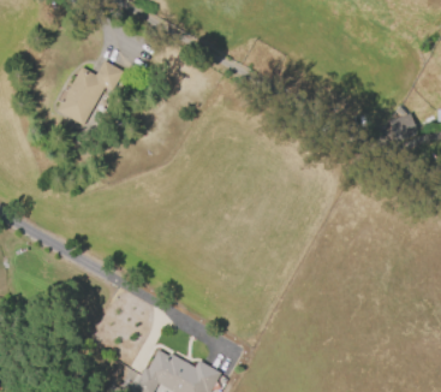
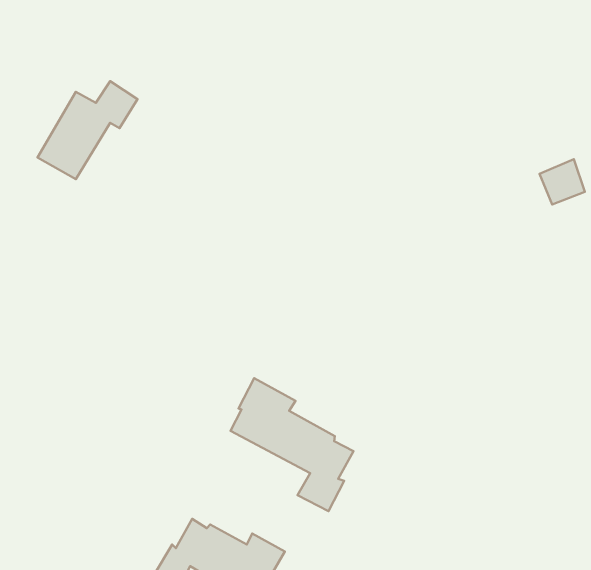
building: none -> [230,378,353,511]

